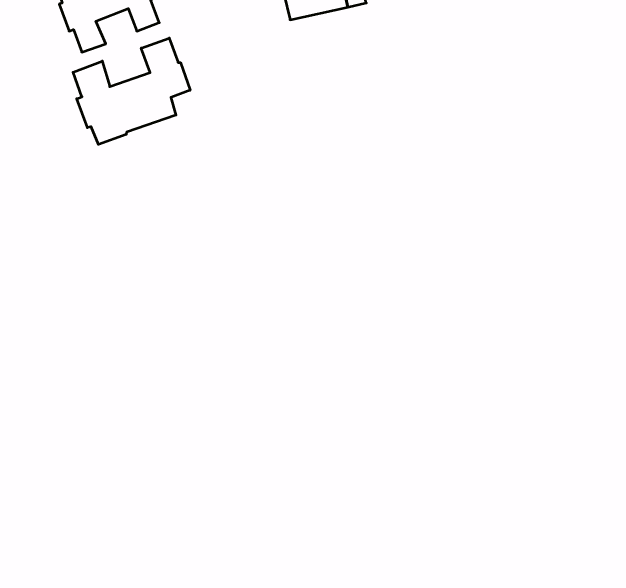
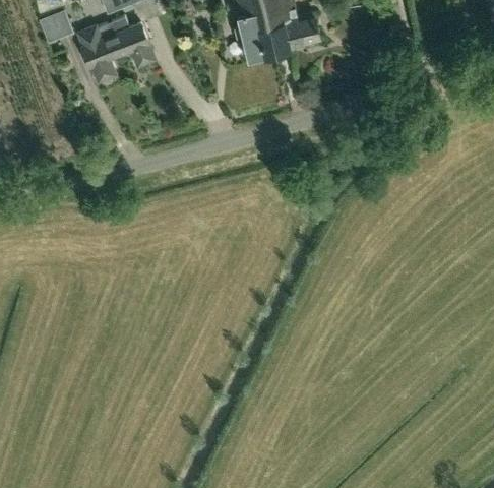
building: [73,38,190,144] -> none

